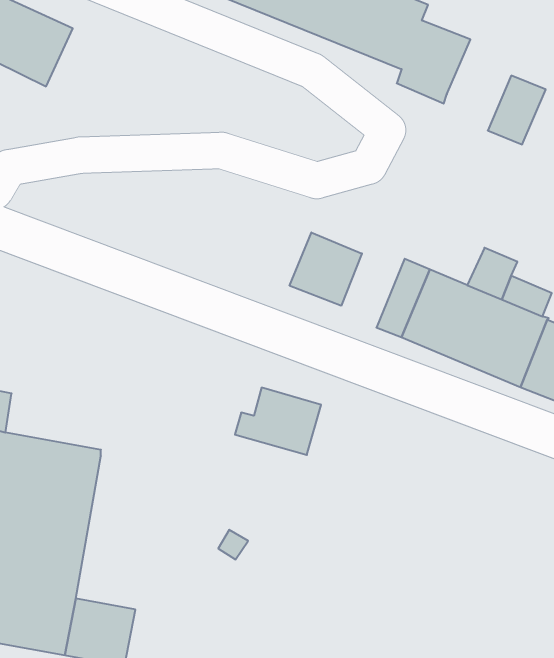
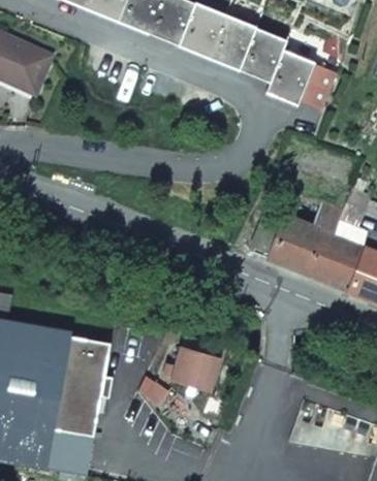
building: [488,76,546,144] -> [299,62,337,107]
building: [290,232,362,306] -> none
building: [235,388,321,455] -> [162,347,219,391]
building: none -> [54,336,108,438]

